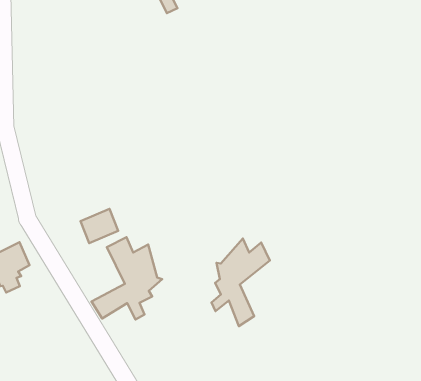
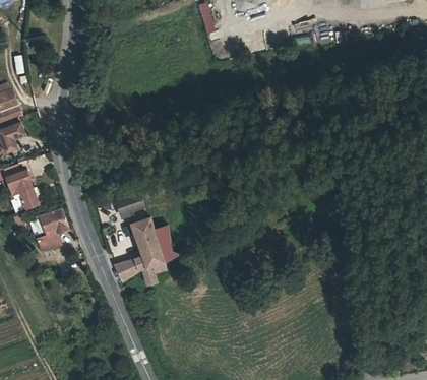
building: [212,238,270,326] -> none

